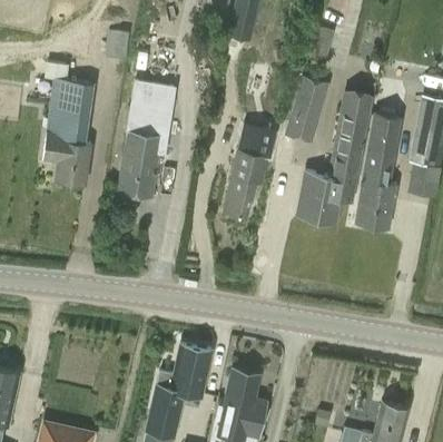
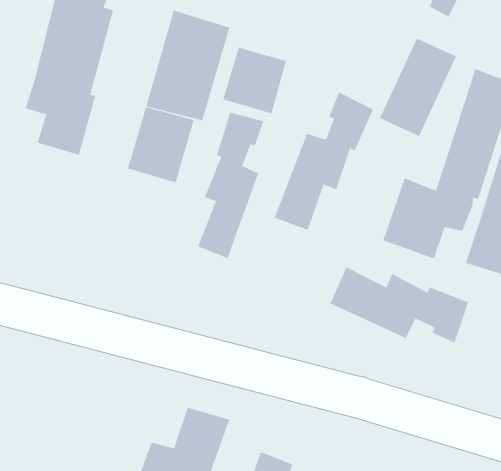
building: none -> [222,47,287,114]
building: none -> [197,112,264,259]
building: none -> [330,267,469,343]

